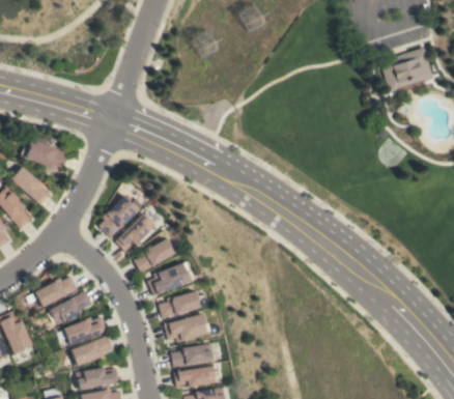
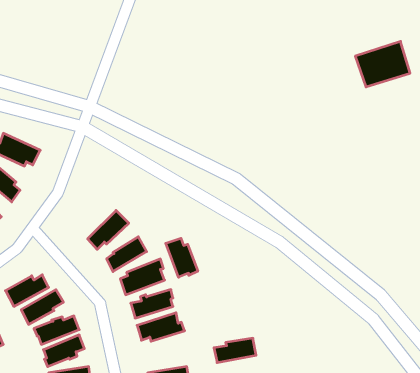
building: [98,197,138,237] -> none
building: none -> [166,238,198,277]
building: [170,344,211,368] -> [214,338,256,363]

